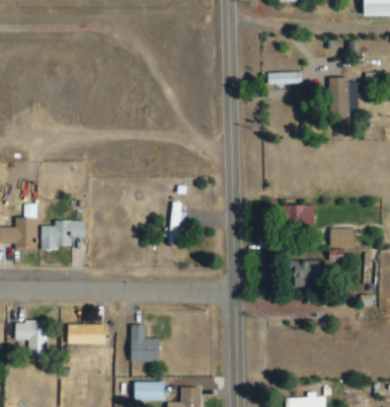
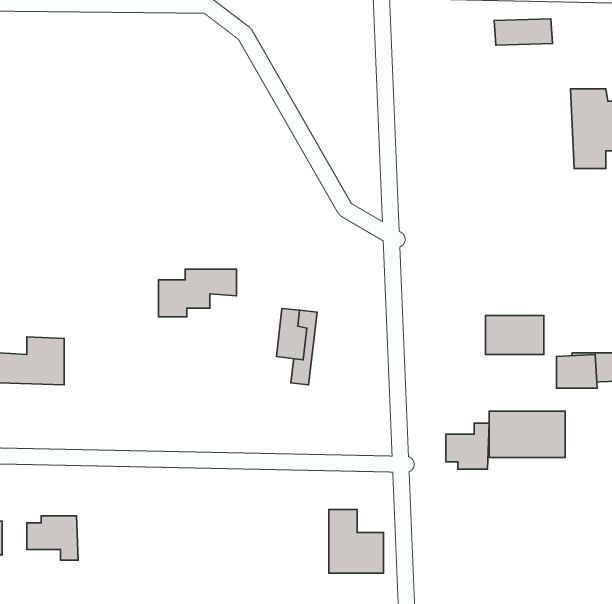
building: [267,70,301,85] -> [494,19,553,45]
building: [42,222,86,249] -> [158,269,236,317]
building: none -> [446,423,489,469]
building: [130,323,161,359] -> [329,509,384,573]
building: [67,324,105,343] -> none

